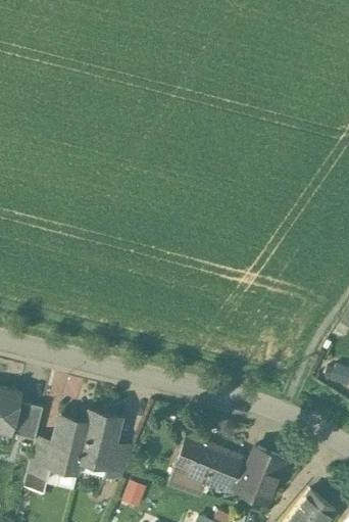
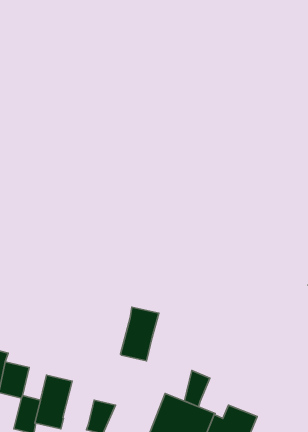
building: none -> [184,370,210,407]
building: [79,412,119,469] -> [120,307,159,361]

